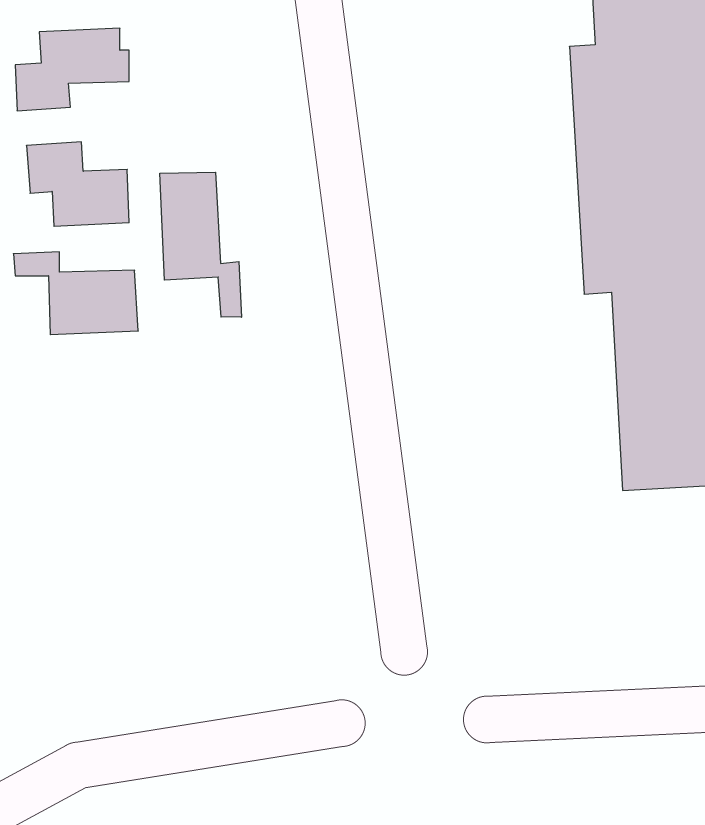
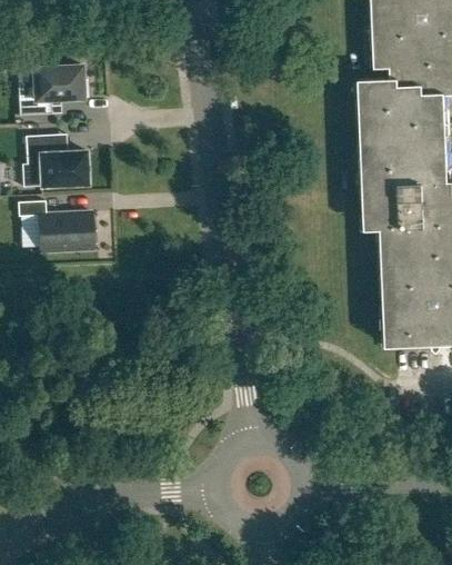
building: [160,172,241,317] -> none

